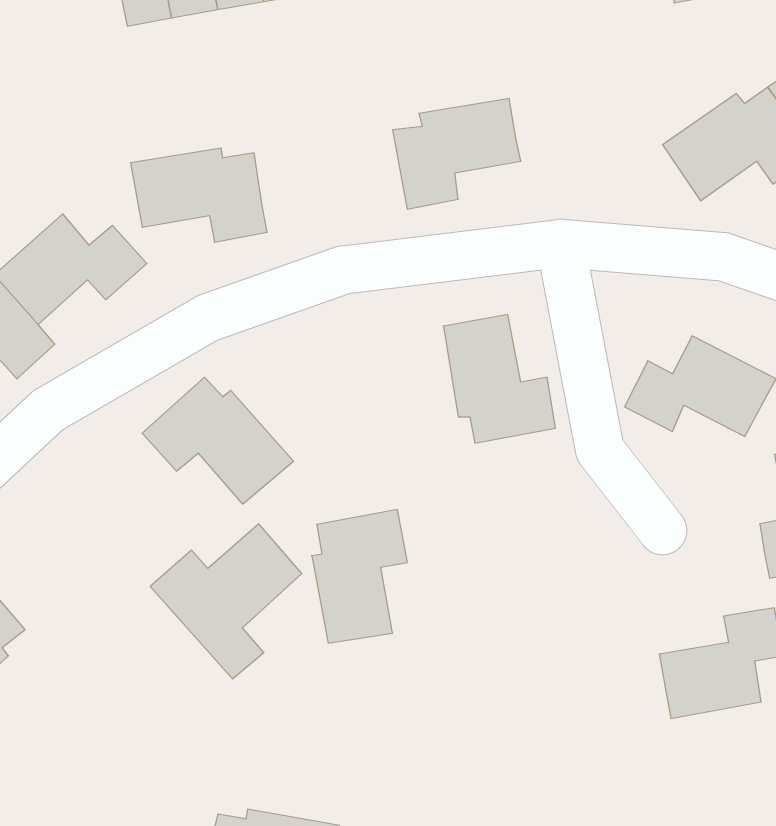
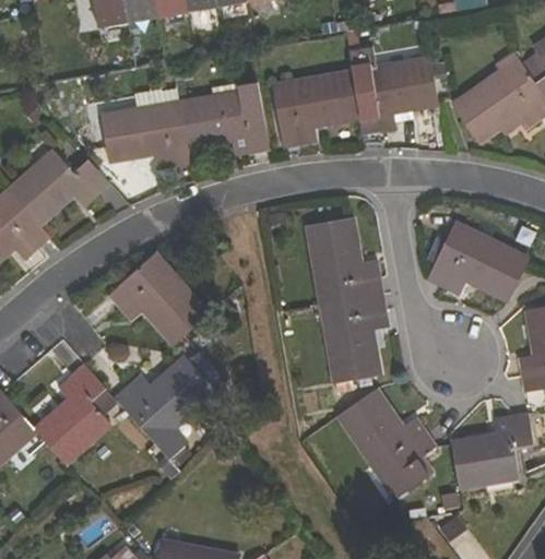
building: none -> [356,60,439,134]
building: none -> [180,81,271,156]
building: [312,510,407,643] -> [325,293,389,381]
building: none -> [35,364,109,463]
building: none -> [339,389,435,498]

